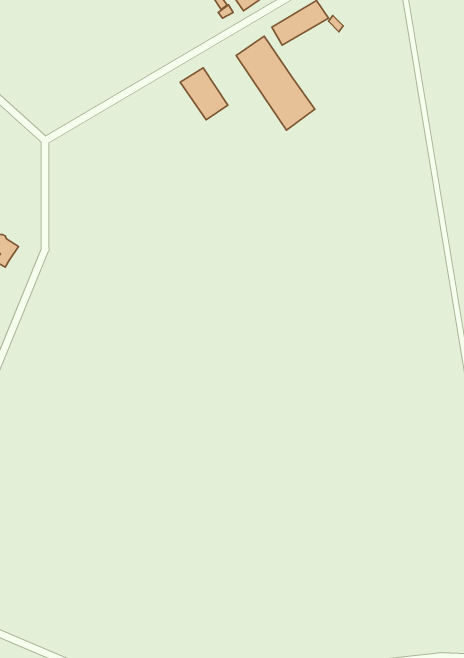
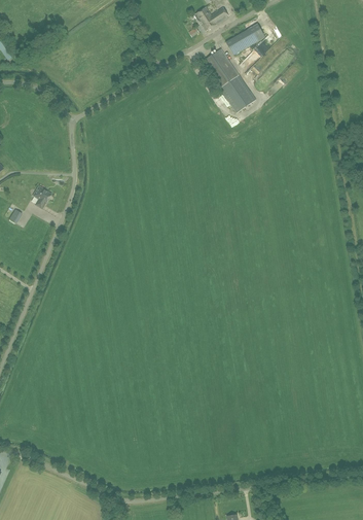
building: [180,68,228,120] -> none

